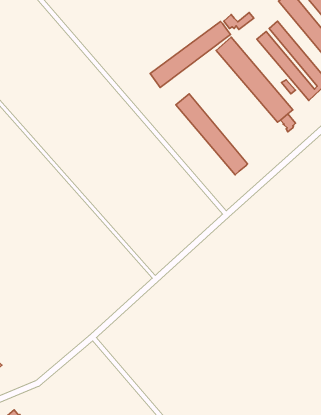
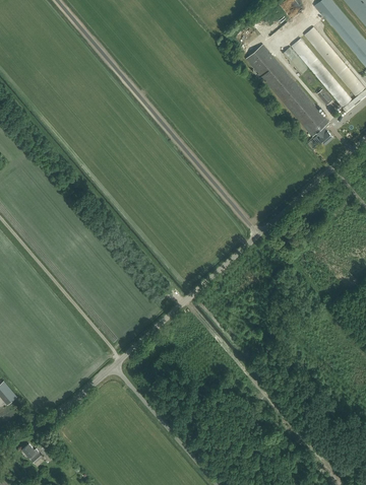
building: [150,21,231,87] -> none
building: [176,94,248,175] -> none

